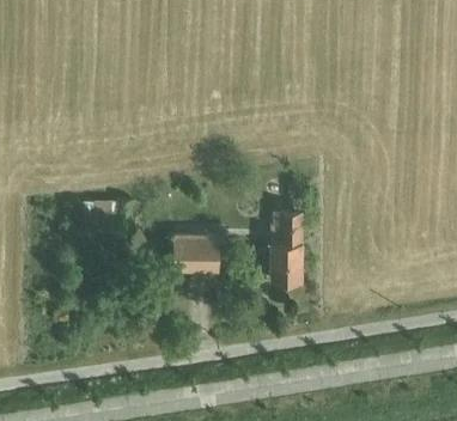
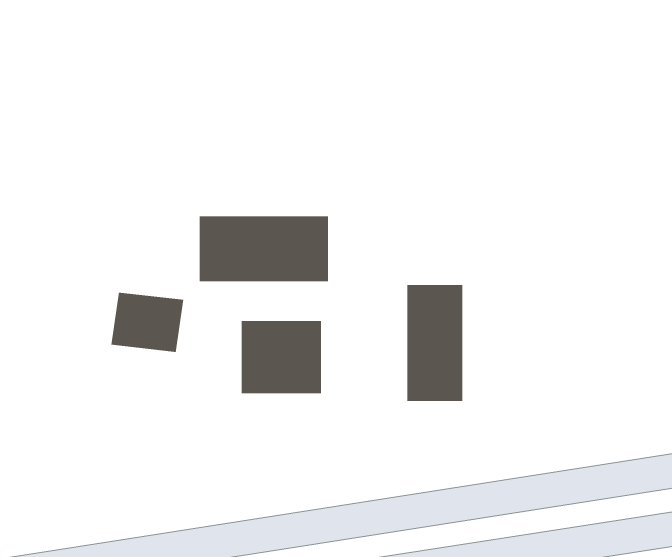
building: none -> [199,216,329,282]

